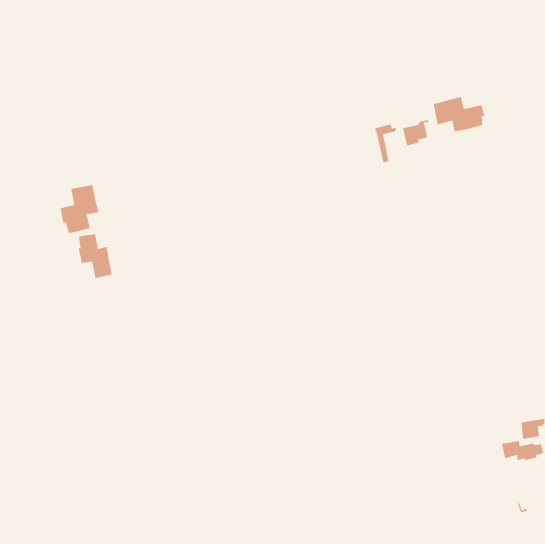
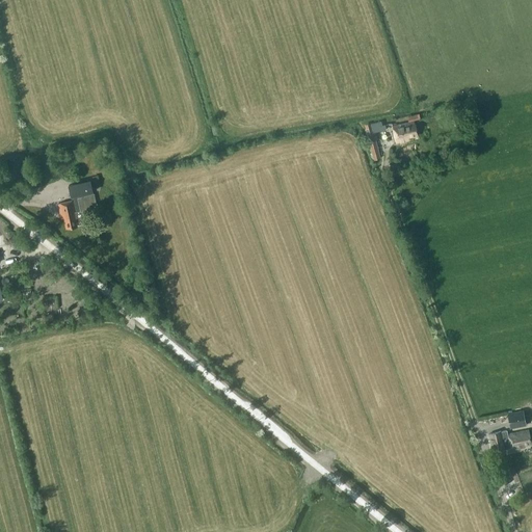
building: [433,96,485,132] -> none
building: [78,234,112,279] -> none

